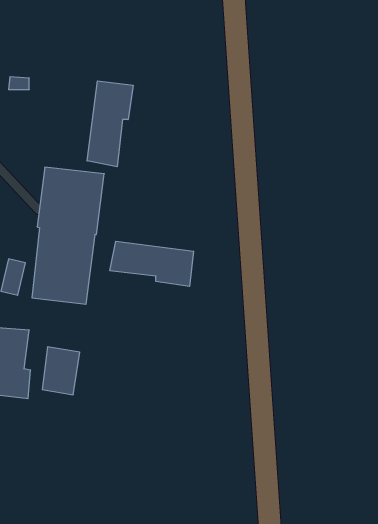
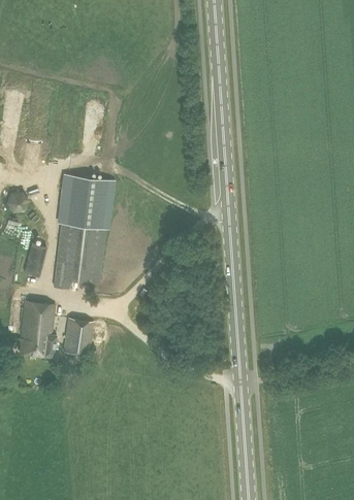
building: [87,81,133,167] -> none
building: [110,241,194,286] -> none

